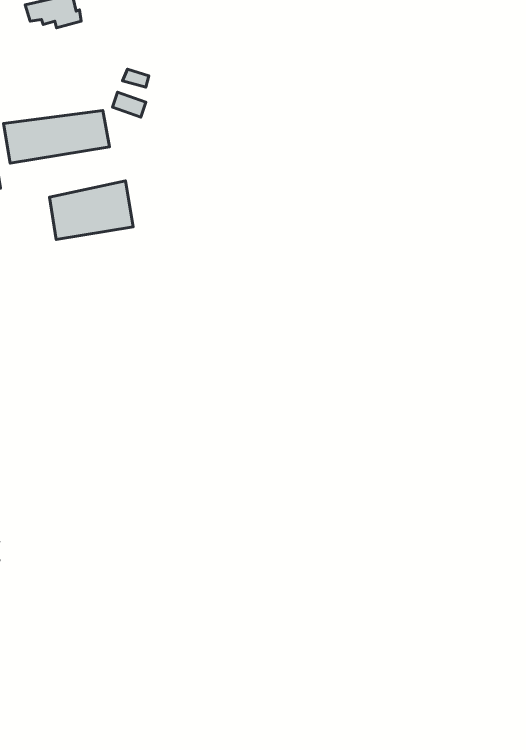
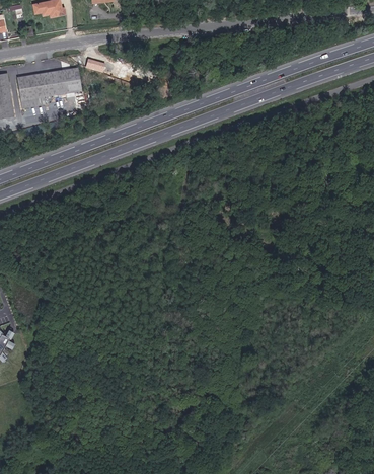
building: [50,181,133,239] -> none

